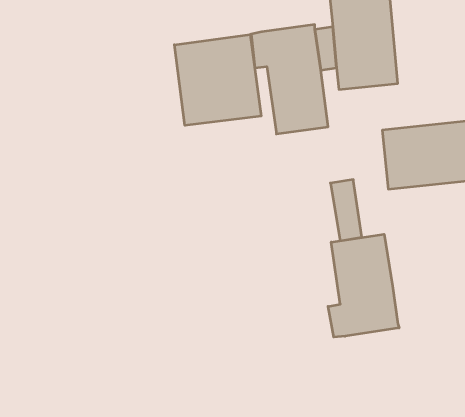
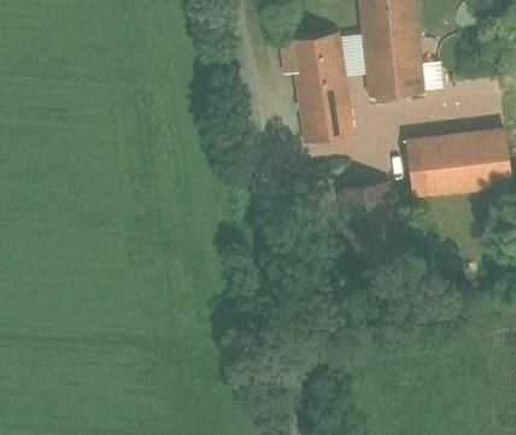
building: [174,34,261,125] -> none
building: [328,234,399,337] -> none

